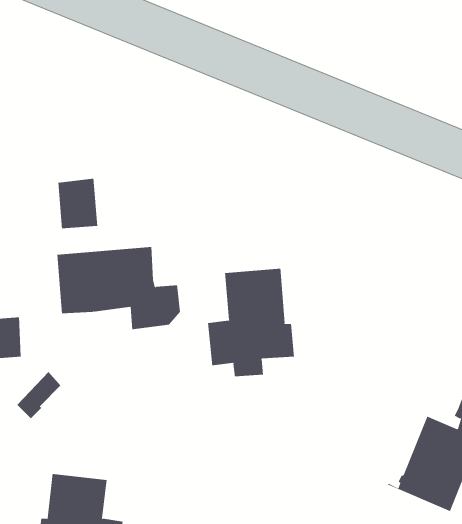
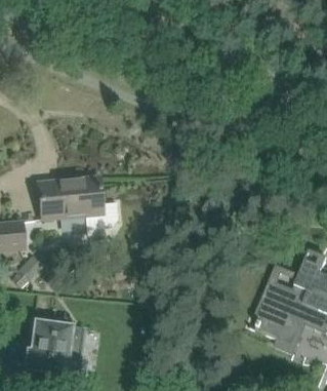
building: [58,178,98,229] -> none
building: [208,268,294,377] -> none

